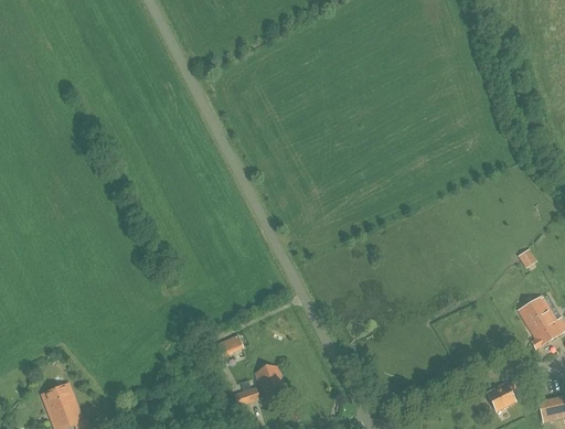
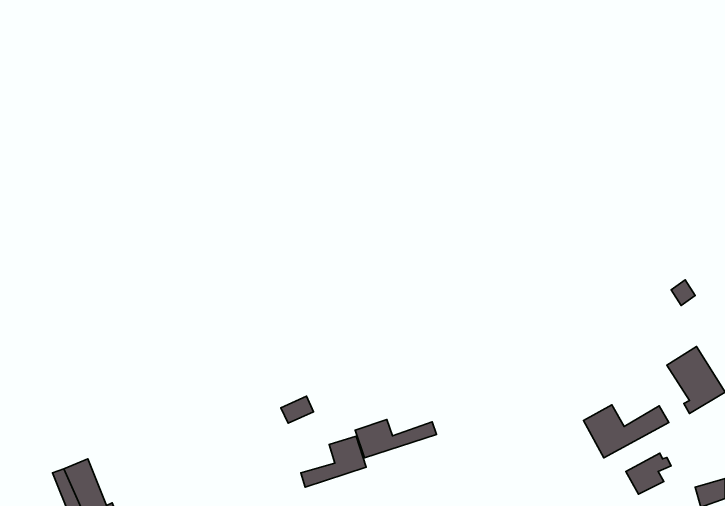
building: none -> [584,405,669,458]
building: none -> [355,420,437,458]

